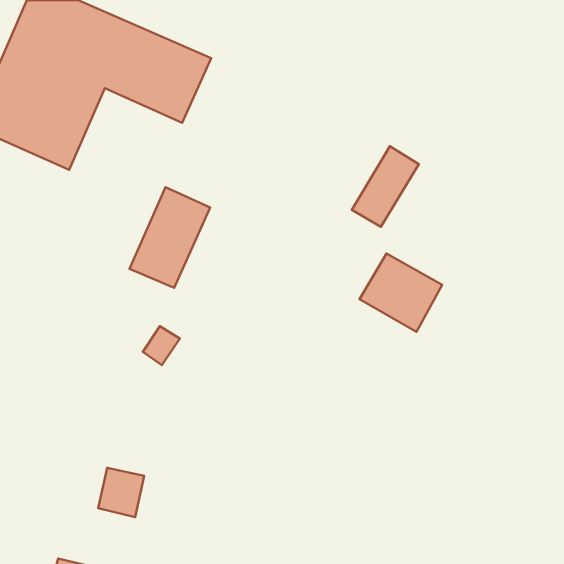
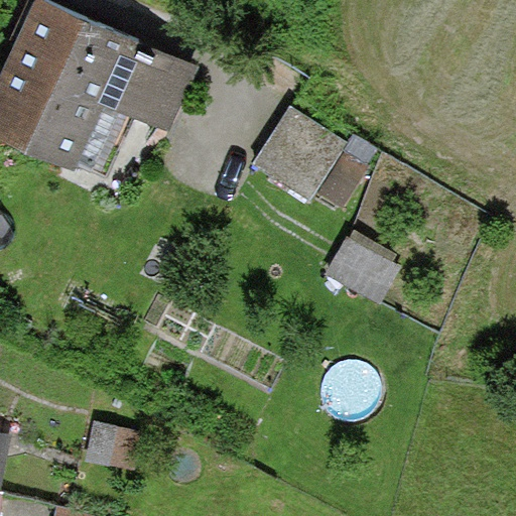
building: none -> [252,112,346,206]
building: [130,187,210,288] -> [62,86,135,176]

